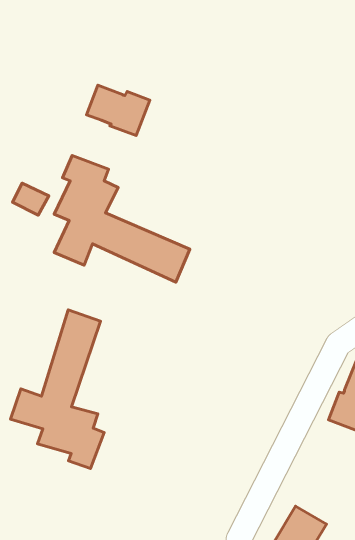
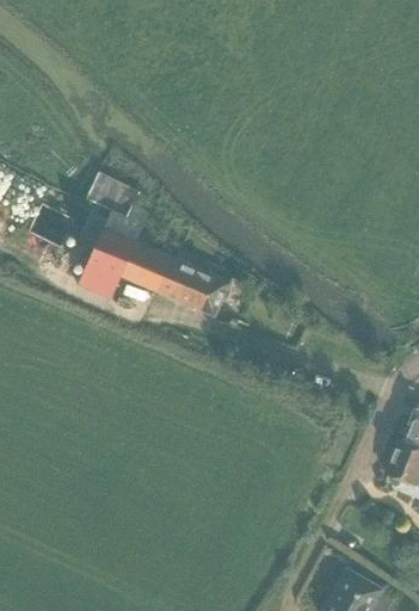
building: [86,85,150,135] -> none
building: [11,310,104,468] -> none

